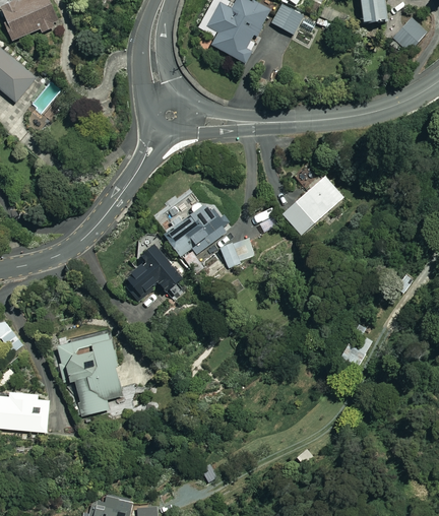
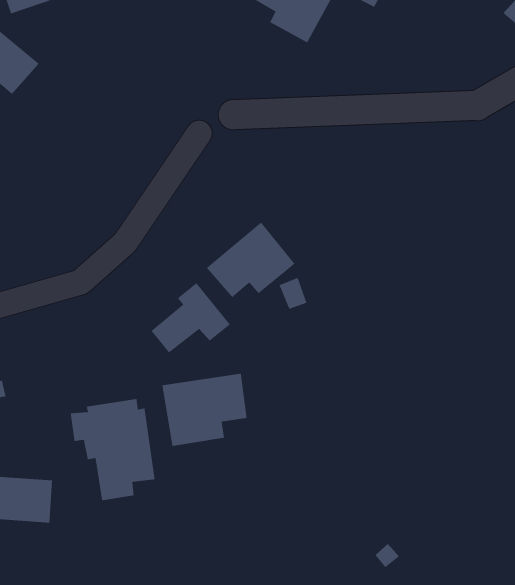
building: [284,177,341,235] -> none
building: none -> [162,373,248,447]

